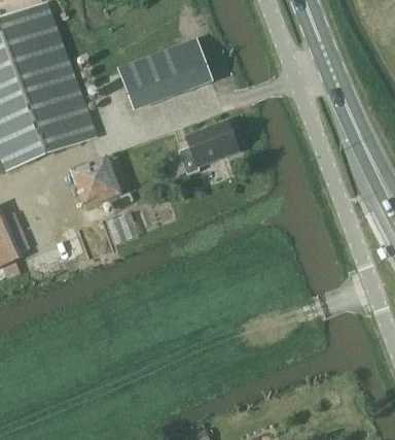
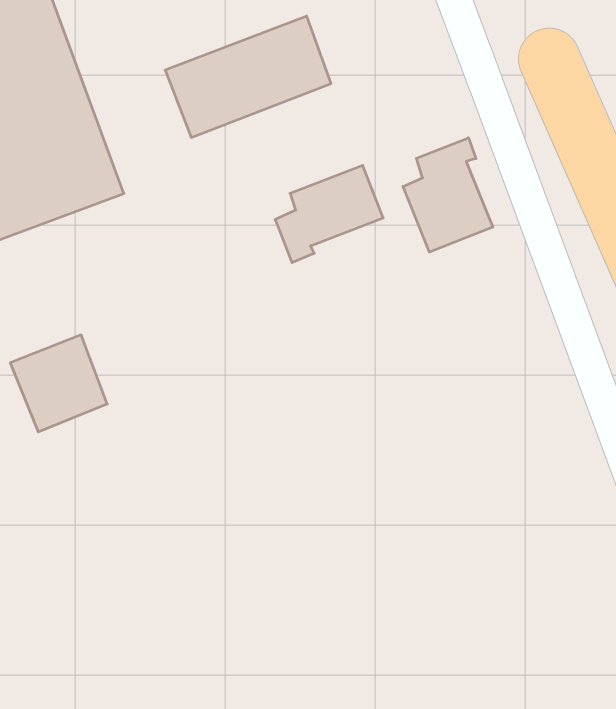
building: none -> [403,138,493,252]
building: [70,156,123,209] -> [10,335,107,432]

